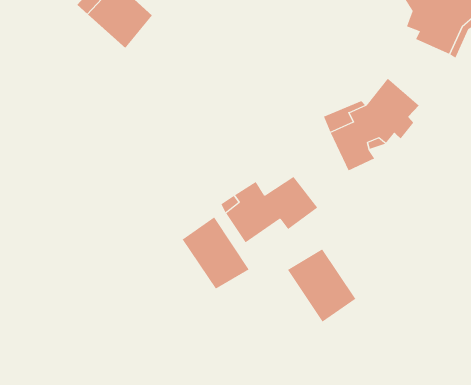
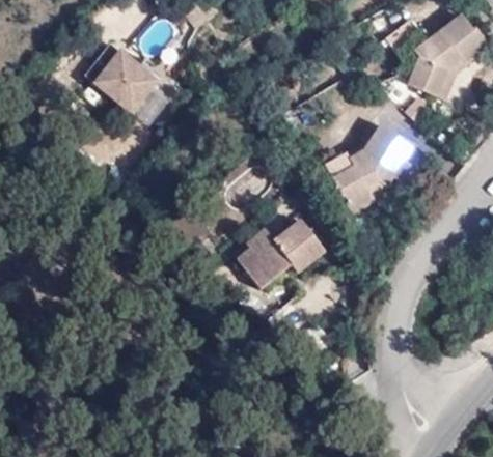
building: [182,217,249,289] -> none
building: [287,249,356,323] -> none

